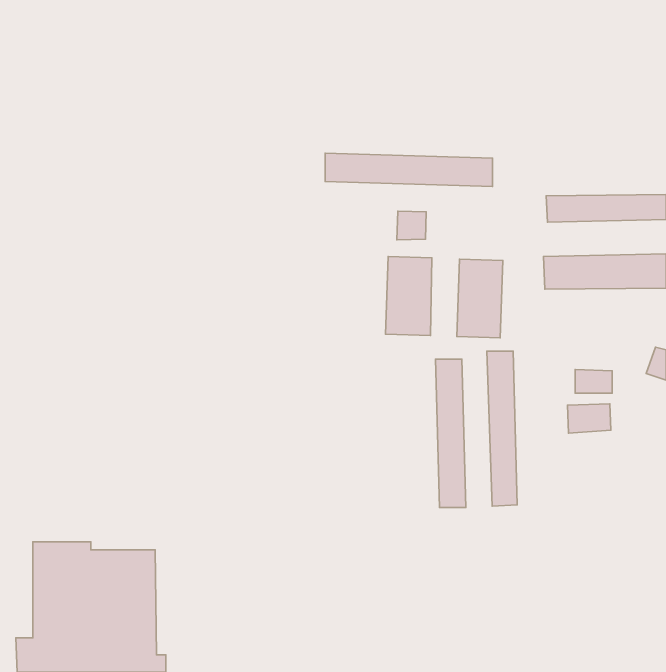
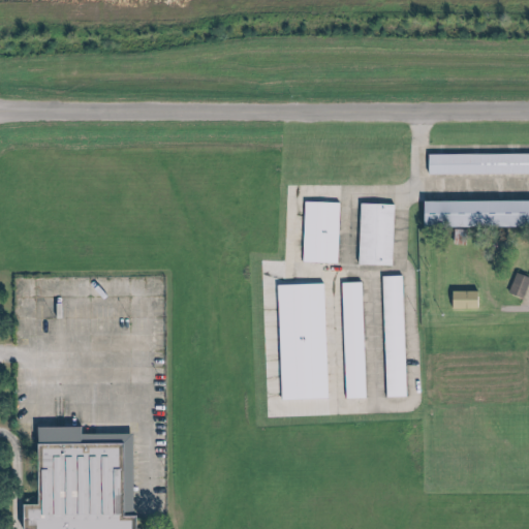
building: [325,153,492,186] -> none
building: [397,211,426,240] -> none
building: none -> [279,283,328,400]
building: [568,404,611,433] -> none

